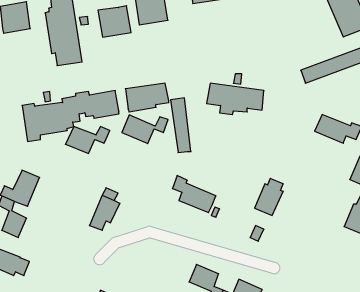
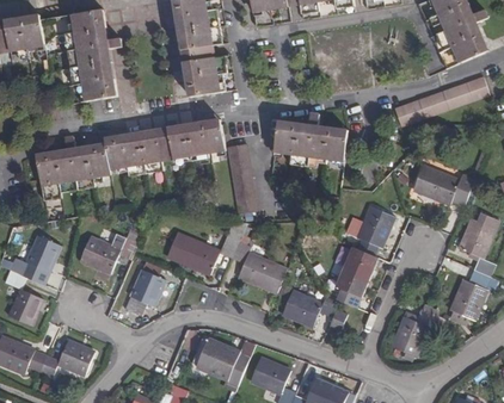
building: [98,6,131,37] -> [189,55,232,95]
building: [122,115,168,144] -> [176,237,235,274]
building: [65,127,110,153] -> [79,237,136,272]
building: none -> [356,205,393,254]
building: none -> [283,289,338,323]
building: none -> [391,306,441,352]
building: none -> [37,339,94,377]
building: none -> [192,340,246,385]

